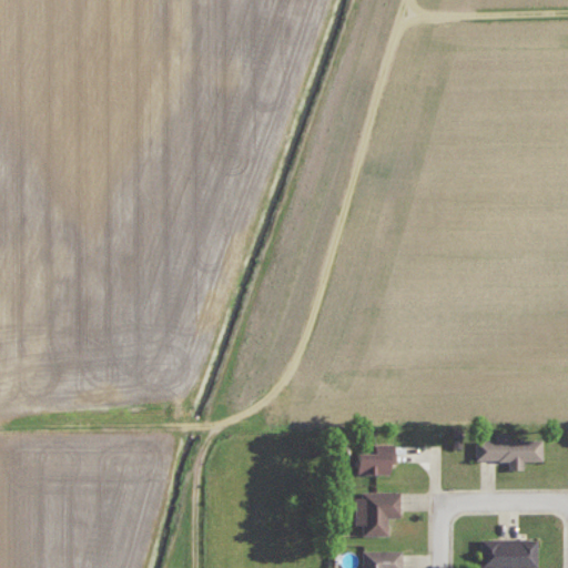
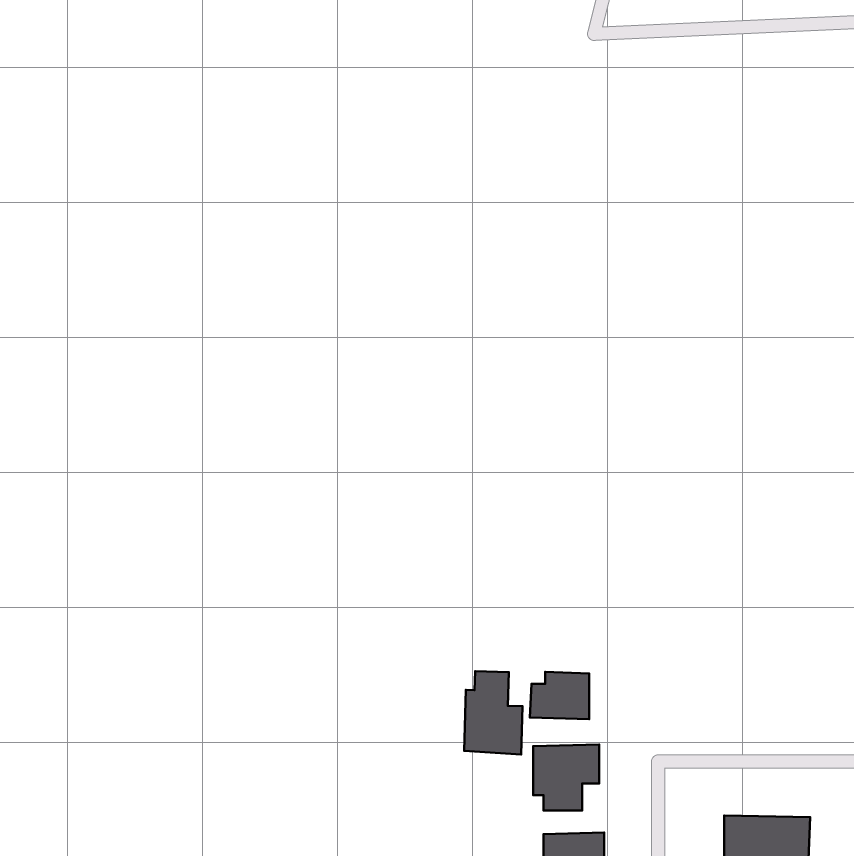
building: [475,436,545,471] -> none
building: none -> [464,671,523,754]

